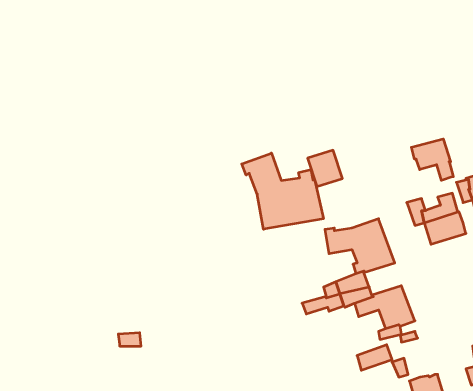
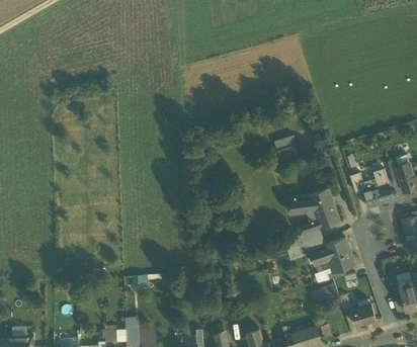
building: [411,139,453,180] -> none
building: [242,153,323,229] -> none

